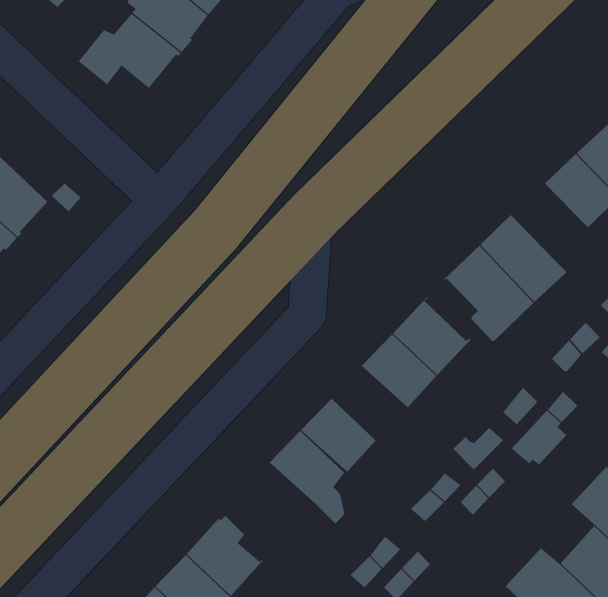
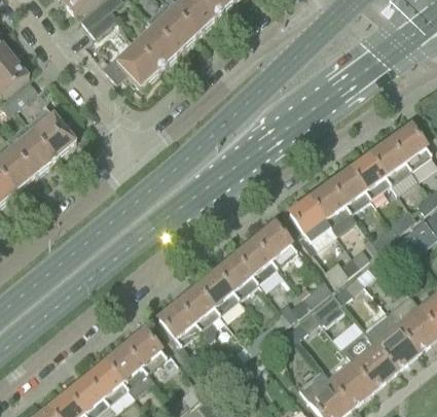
building: none -> [329,170,370,212]
building: none -> [217,256,258,299]
building: none -> [157,303,201,358]

